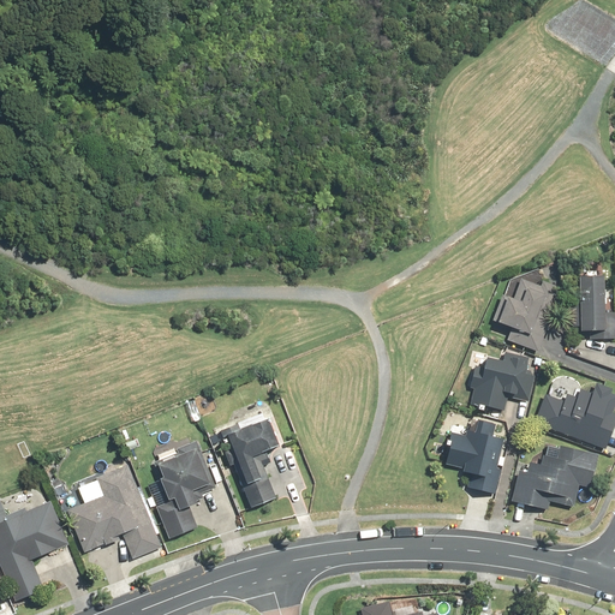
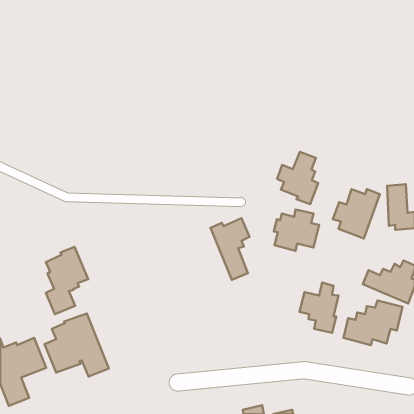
building: none -> [277,152,318,204]
building: [472,350,539,411] -> [274,209,319,251]
building: [220,416,277,507] -> [211,218,250,280]
building: [155,438,217,538] -> [46,247,88,314]

